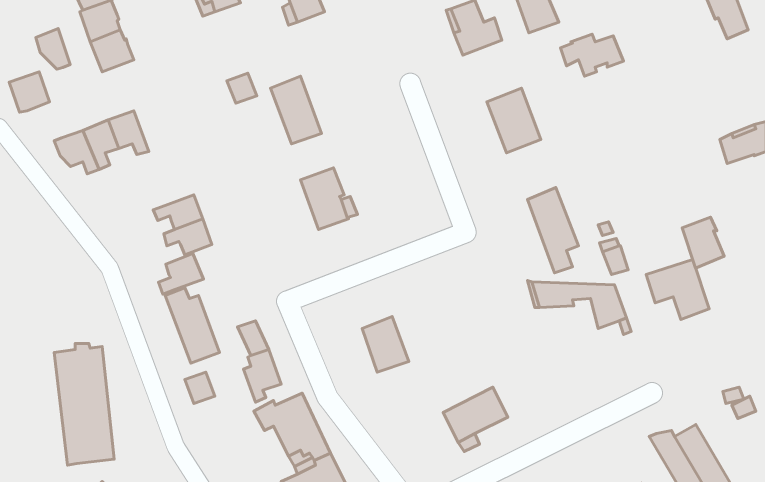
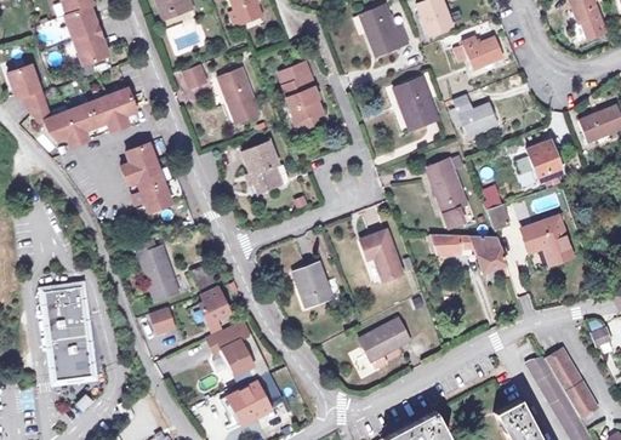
building: [36,29,70,69] -> [23,88,51,121]
building: none -> [280,67,323,132]
building: none -> [109,88,137,128]
building: none -> [451,92,501,135]
building: [682,217,724,268] -> [525,141,559,182]
building: [158,254,204,294] -> [121,143,158,176]
building: none -> [359,230,401,281]

